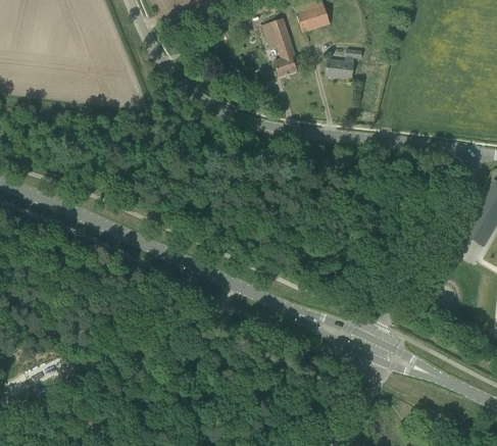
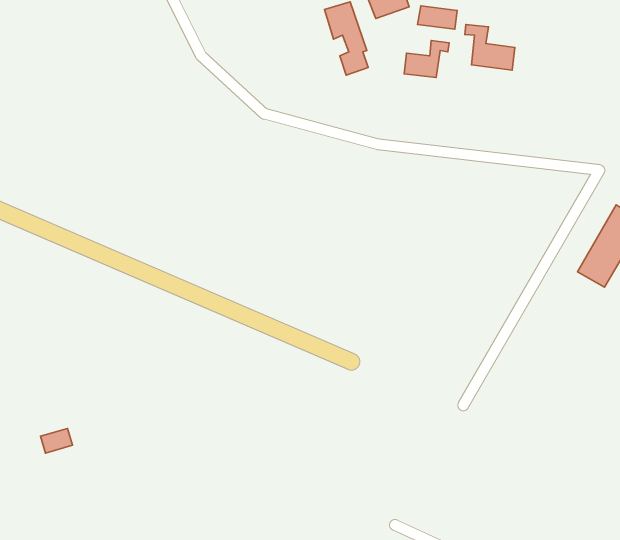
building: none -> [417,6,457,29]
building: none -> [465,24,515,70]

